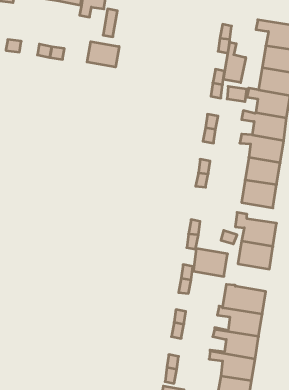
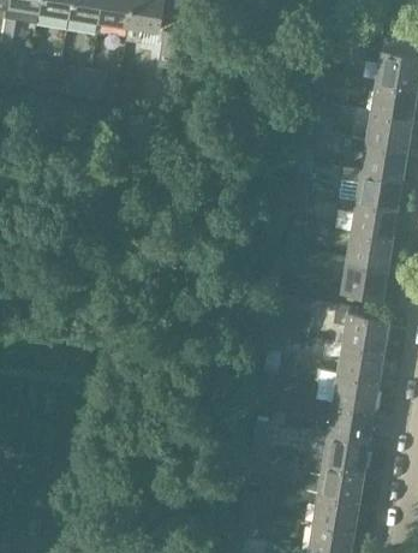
building: [87,42,119,67] -> none
building: [224,42,246,83] -> none
building: [193,249,228,276] -> [334,371,380,409]

